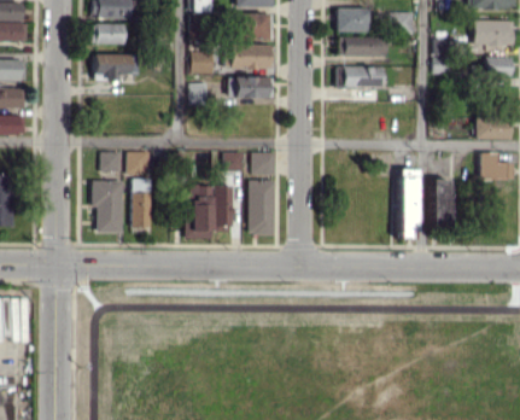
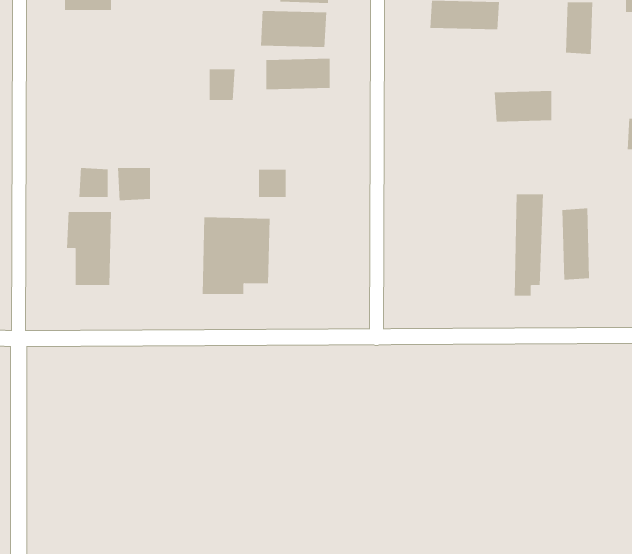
building: [189,51,214,74] -> none
building: [94,53,130,80] -> none
building: [343,65,382,87] -> [494,91,552,122]
building: [251,152,276,174] -> none
building: [132,179,152,227] -> none
building: [247,180,275,234] -> none

